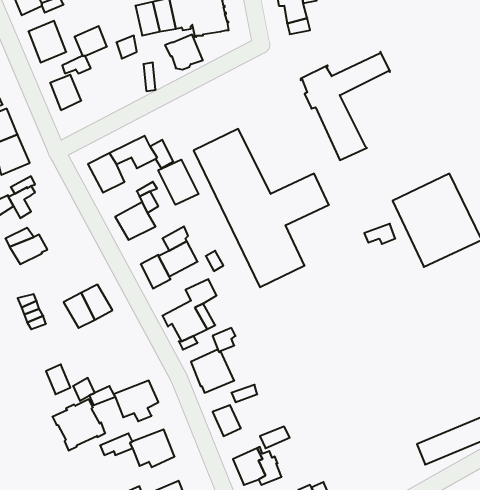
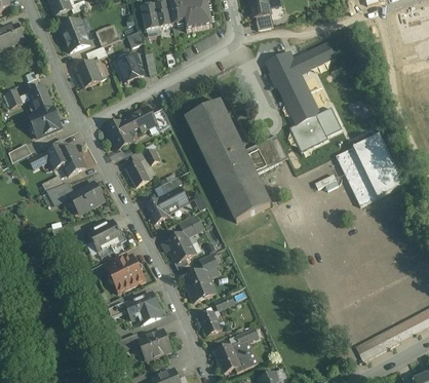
building: [165,34,203,70] -> [115,53,144,80]
building: none -> [290,108,342,151]
building: [158,160,199,205] -> none
building: none -> [57,145,85,175]
building: none -> [71,182,104,213]
building: [52,399,105,451] -> [106,254,146,293]

